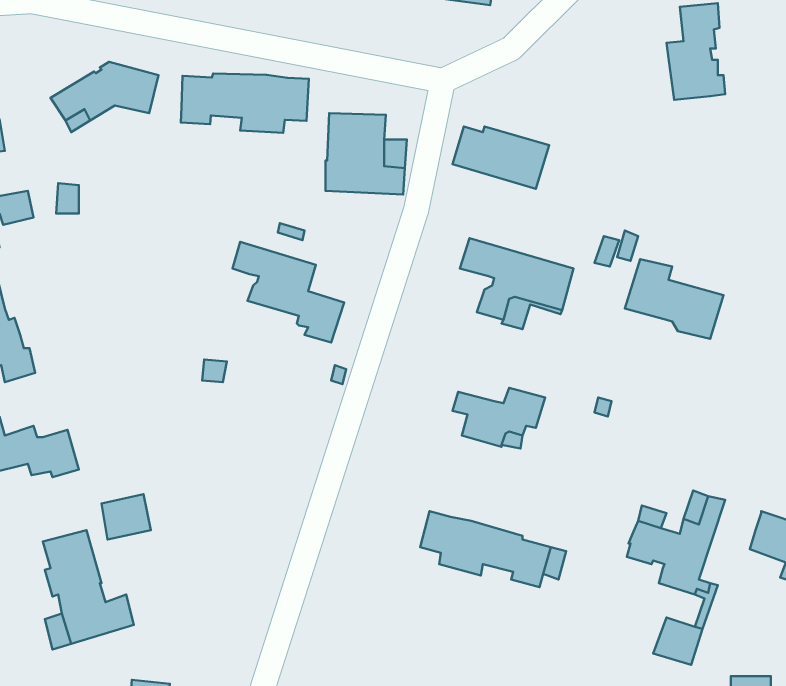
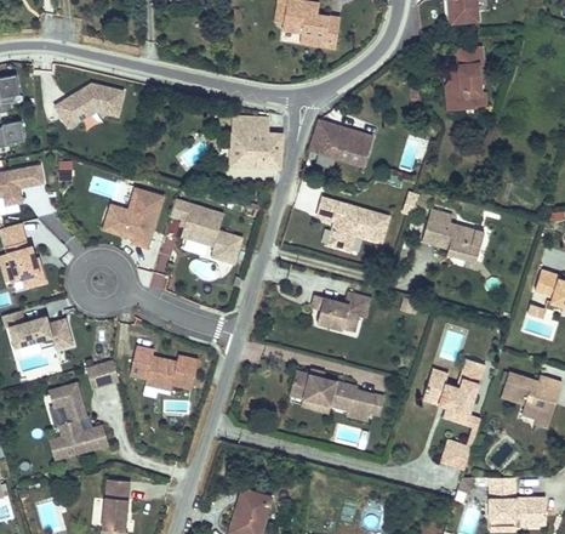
building: [181,73,309,133] -> none
building: none -> [102,187,162,246]
building: none -> [129,345,198,387]

